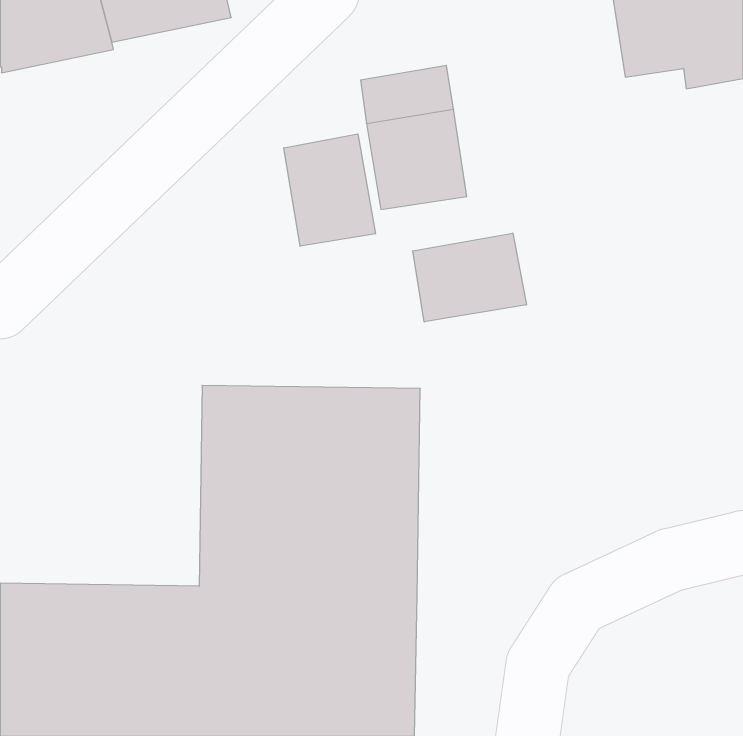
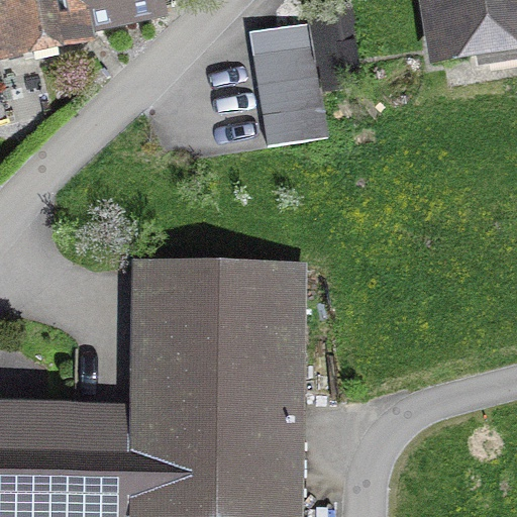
building: [284,134,376,246] -> none
building: [413,233,526,322] -> none

